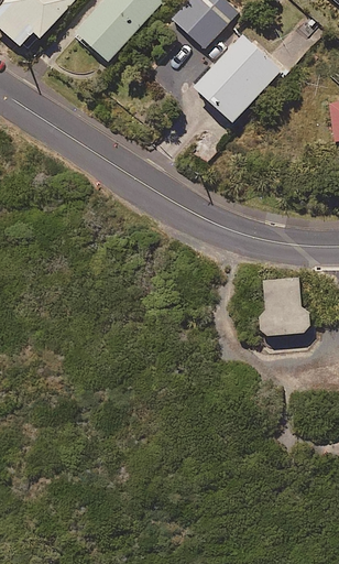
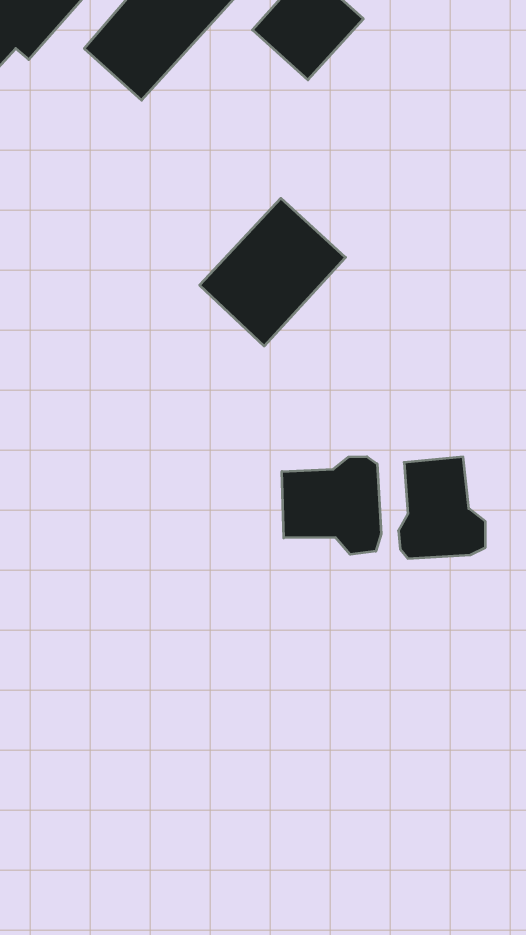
building: [194,33,281,121] -> [200,198,346,346]
building: none -> [282,457,381,554]

